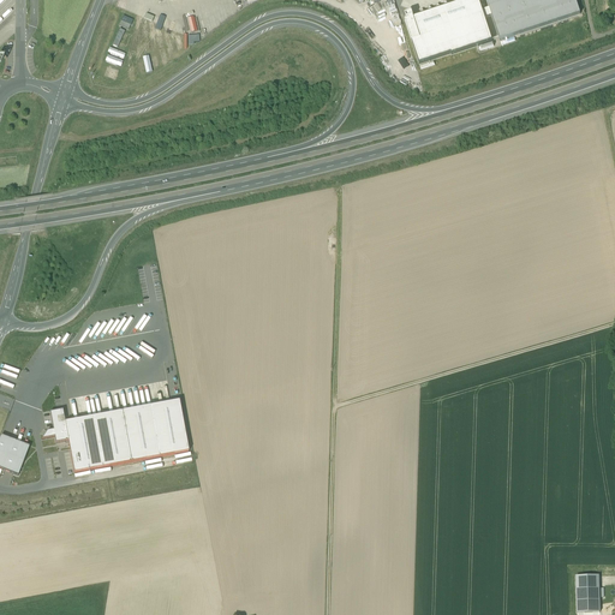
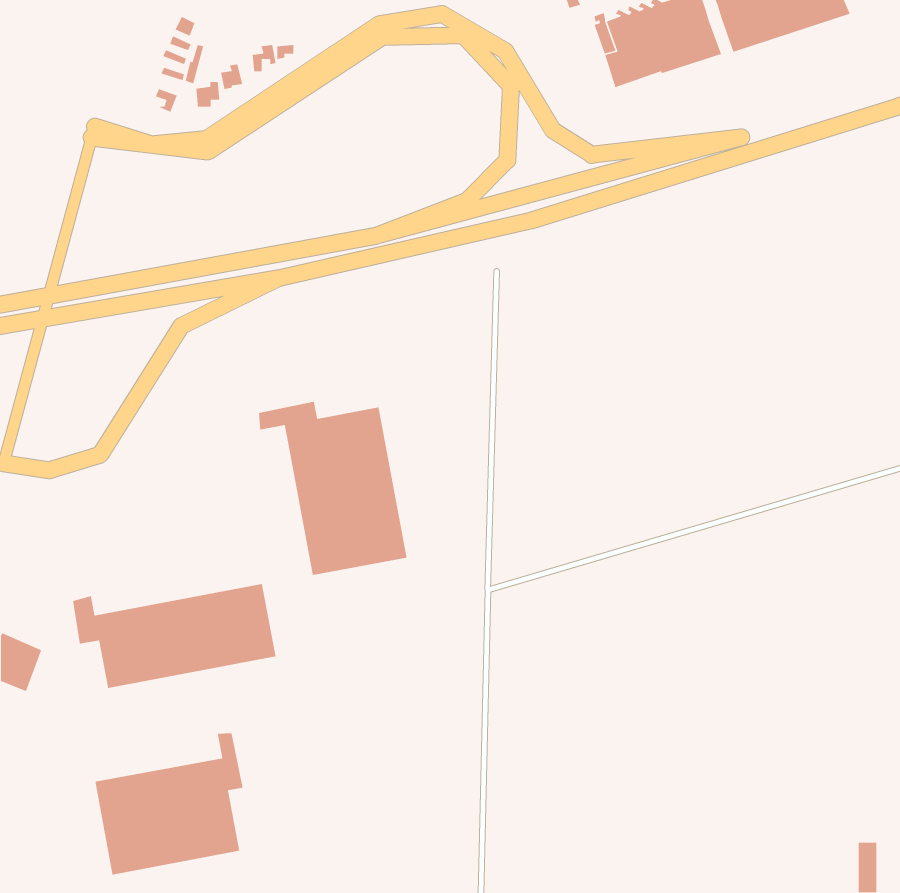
building: none -> [258,401,407,576]
building: none -> [94,733,244,875]

